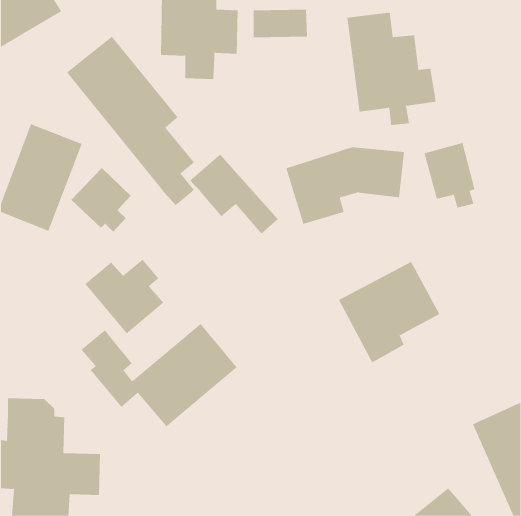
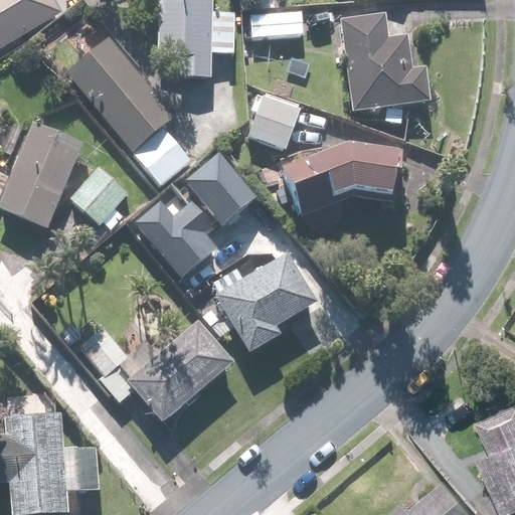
building: none -> [248,96,301,149]
building: [424,142,475,208] -> none
building: [85,259,164,334] -> [128,201,206,276]
building: [338,261,440,363] -> [216,252,317,353]

